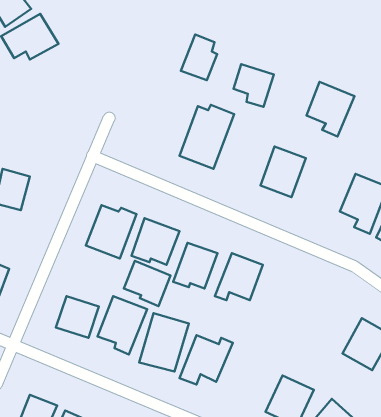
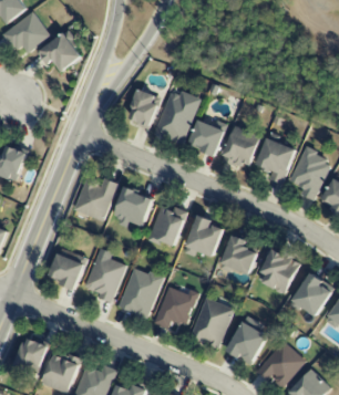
building: [181,35,217,80] -> [127,89,158,127]
building: none -> [38,32,83,73]
building: [233,64,274,107] -> [192,121,226,157]
building: [306,82,355,136] -> [256,137,297,184]
building: [124,261,171,306] -> none
building: none -> [222,235,258,276]
building: none -> [257,250,300,294]
building: none -> [191,298,234,346]

